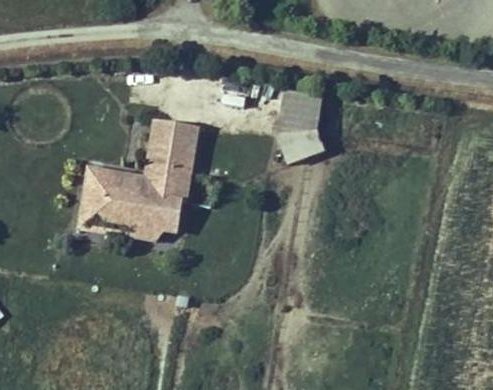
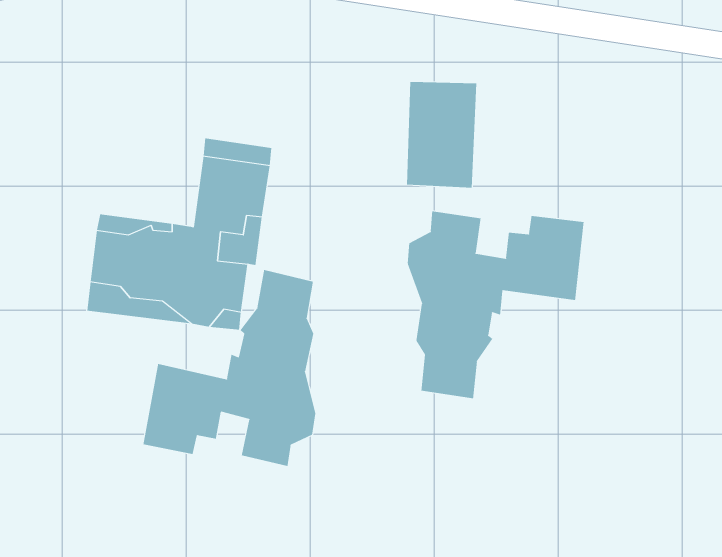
building: none -> [407,211,584,399]
building: none -> [143,269,316,467]

